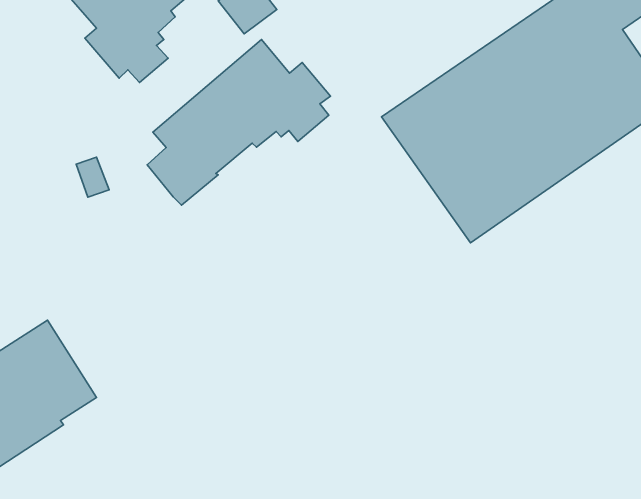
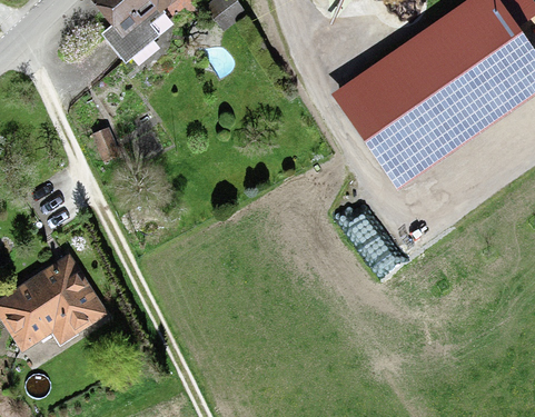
building: [147,40,330,205] -> none

